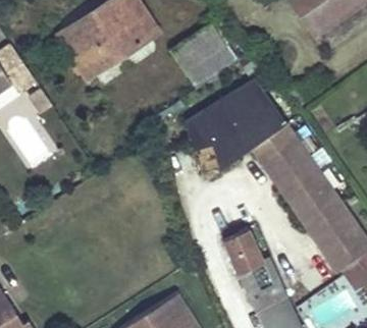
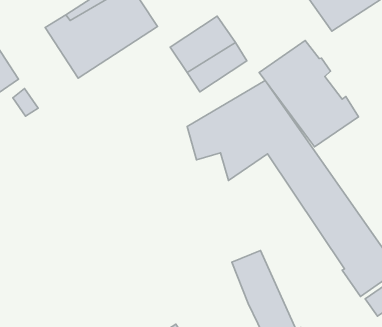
building: none -> [259,40,359,147]

